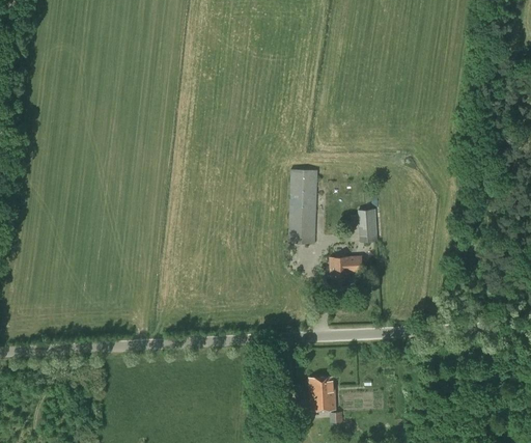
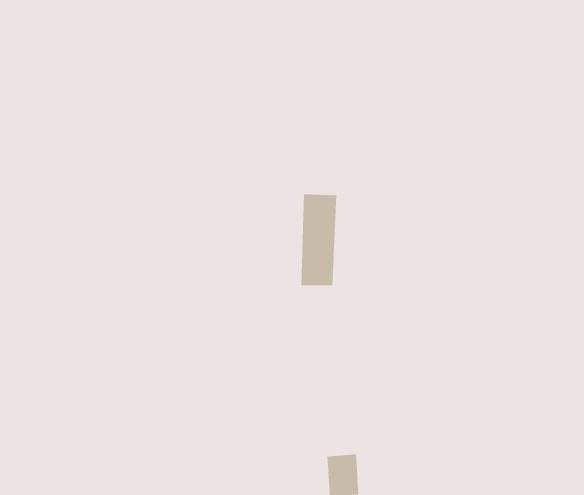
building: [358,207,376,241] -> none
building: [330,254,363,284] -> none

